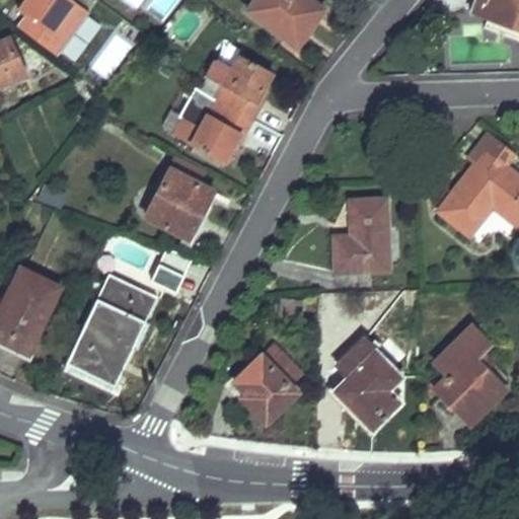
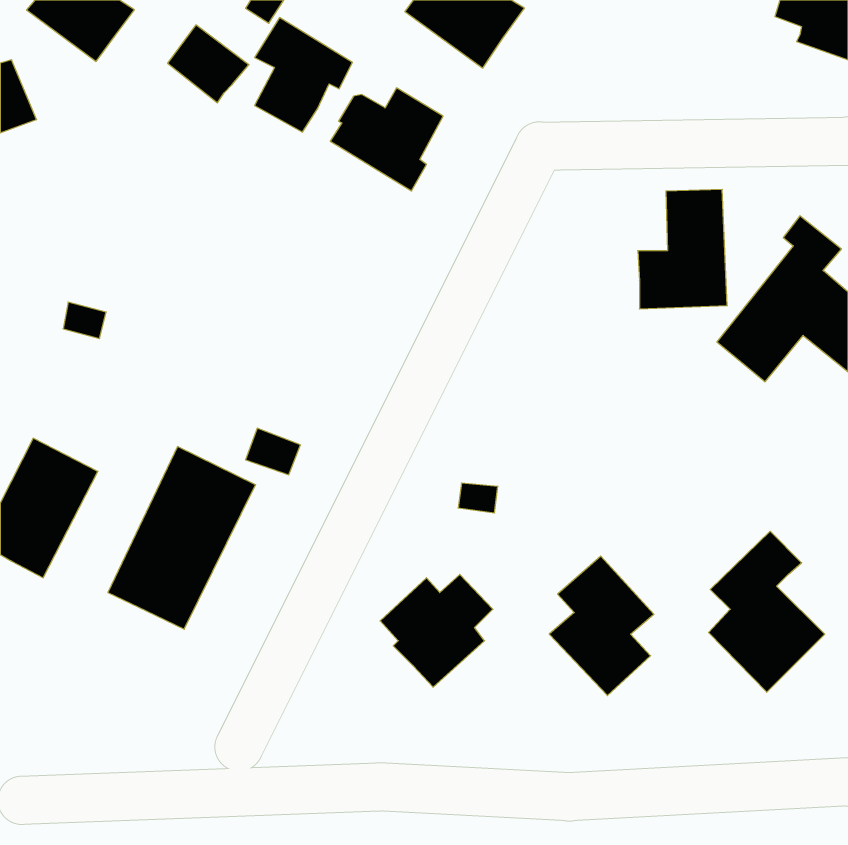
building: [192,91,251,161] -> [255,18,352,132]
building: [145,160,212,239] -> none
building: [333,200,388,273] -> [638,189,727,309]

